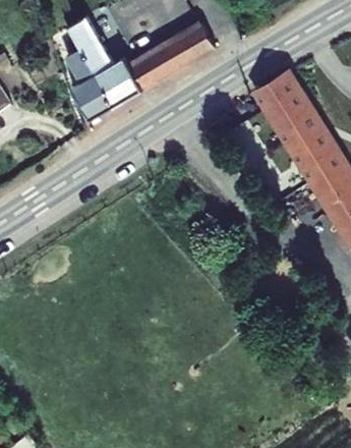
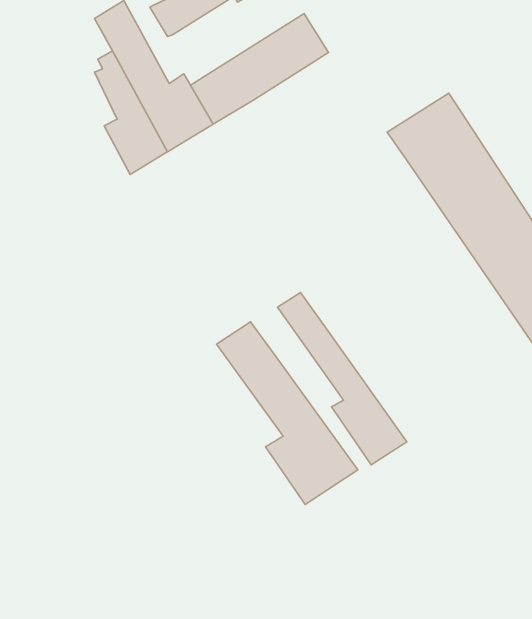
building: none -> [277,292,407,465]
building: none -> [216,322,358,505]

